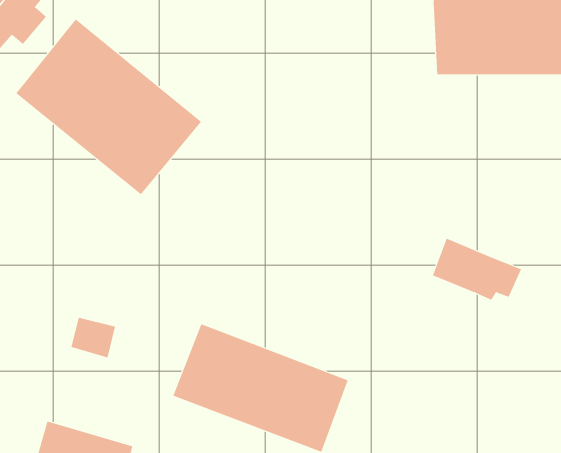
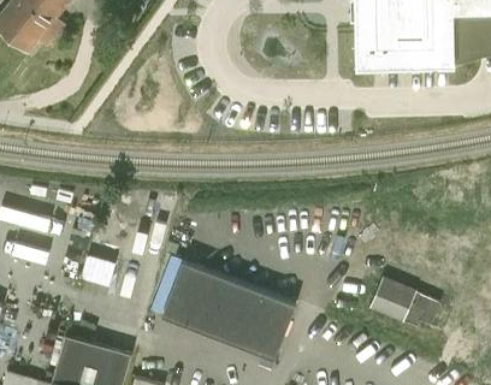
building: [16,19,202,195] -> none
building: [432,238,522,301] -> [368,279,437,327]

